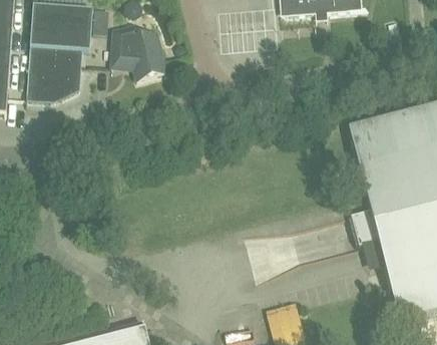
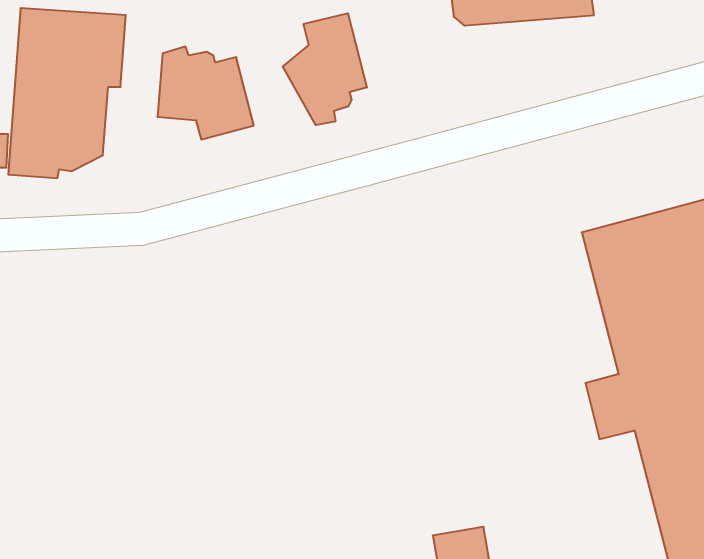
building: none -> [283,13,367,125]

